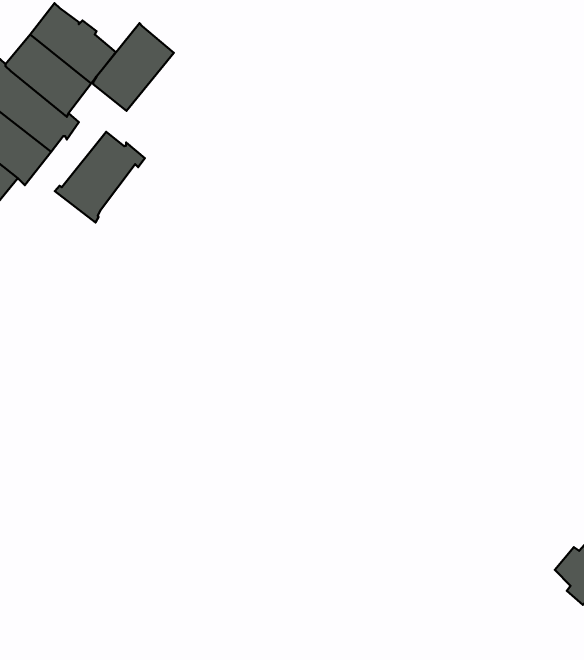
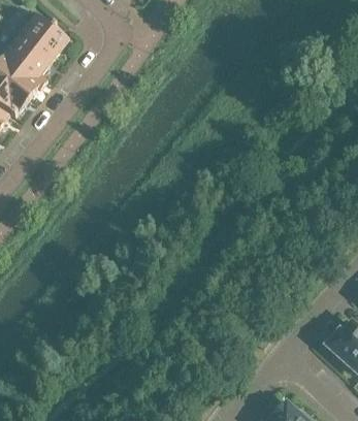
building: [93,23,174,111] -> none
building: [55,132,145,222] -> none

